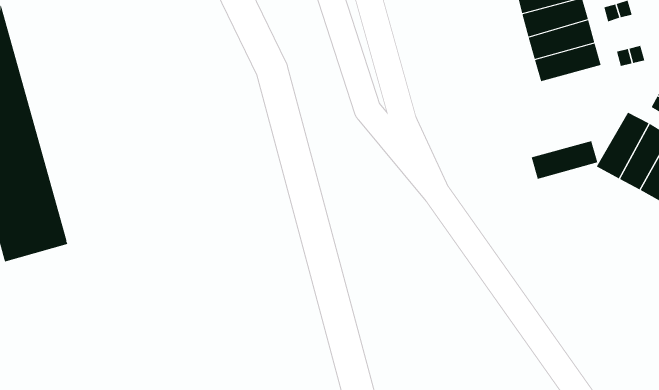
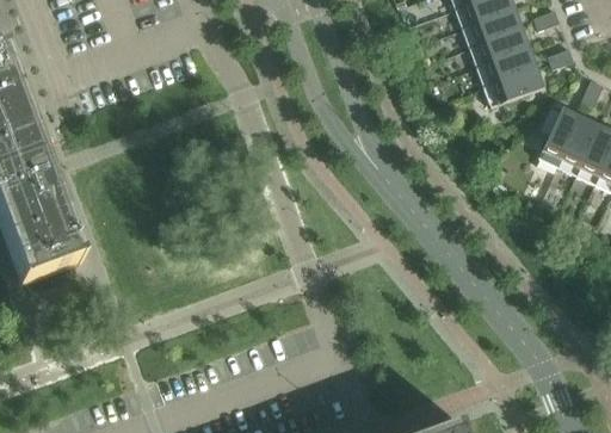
building: [531,140,598,179] -> [483,66,543,104]

